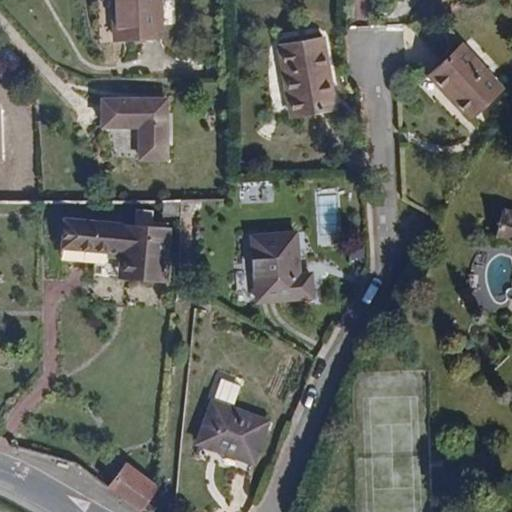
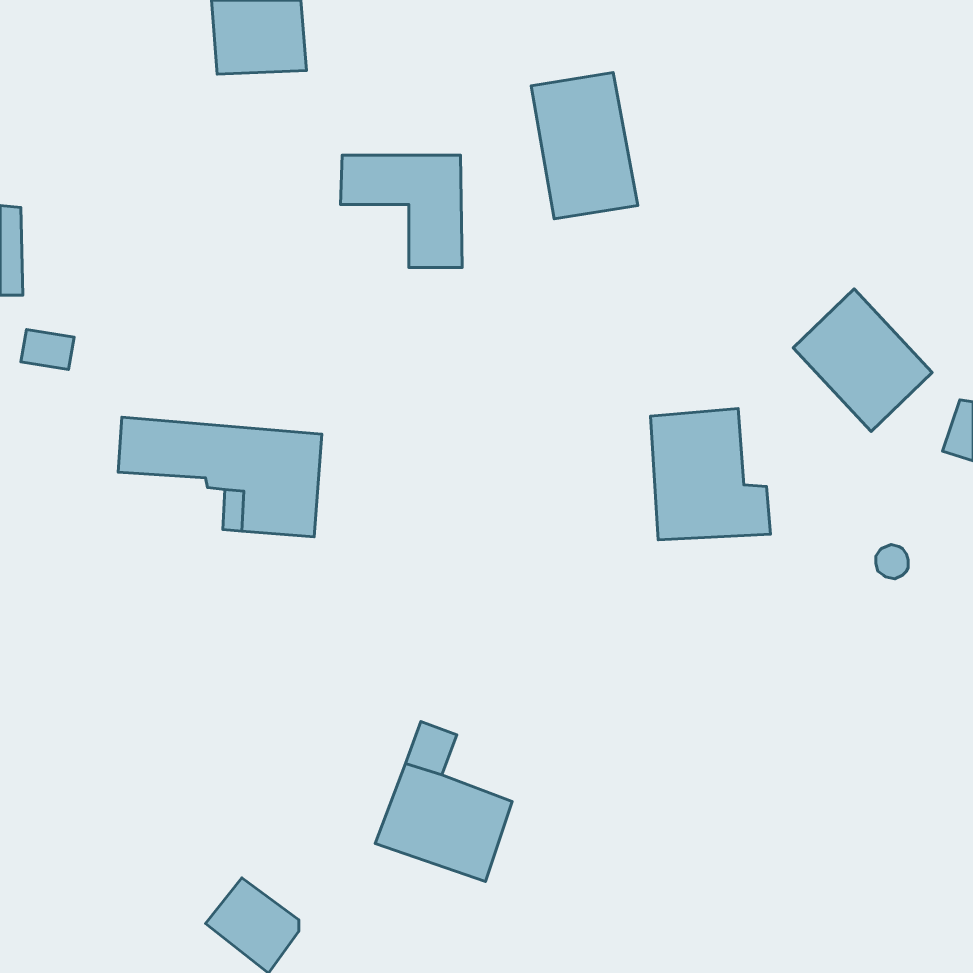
building: [429,44,502,119] -> [793,289,932,432]
building: [102,99,166,158] -> [340,155,462,267]
building: [251,231,314,300] -> [650,409,770,540]

